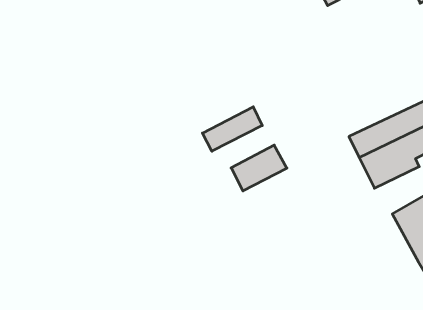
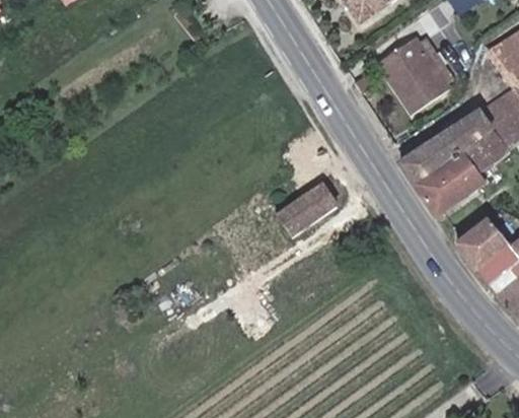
building: none -> [380,37,452,113]
building: [202,107,262,151] -> none

